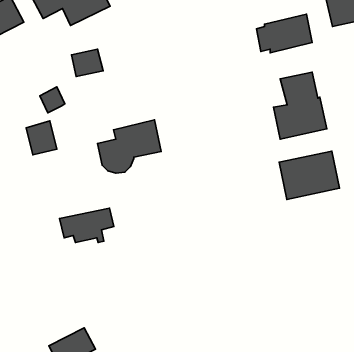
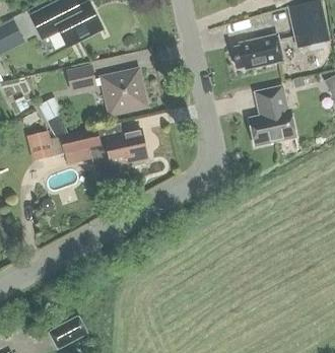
building: none -> [103,70,146,114]
building: [279,151,340,200] -> none
building: [59,208,114,242] -> [52,129,100,159]

